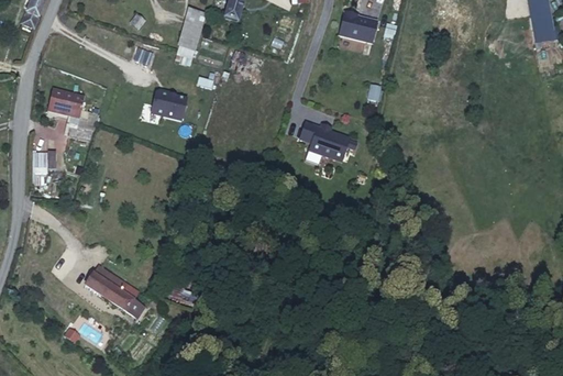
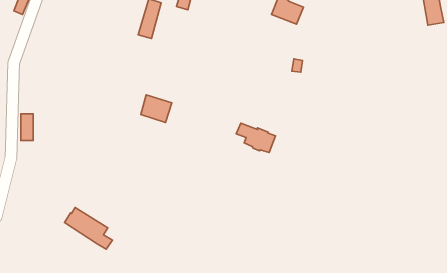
building: [147,88,186,122] -> [141,95,172,123]
building: [47,89,84,119] -> none
building: [299,125,347,162] -> [236,123,275,153]

